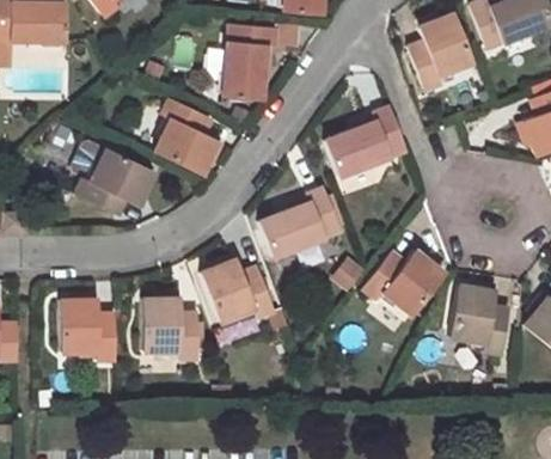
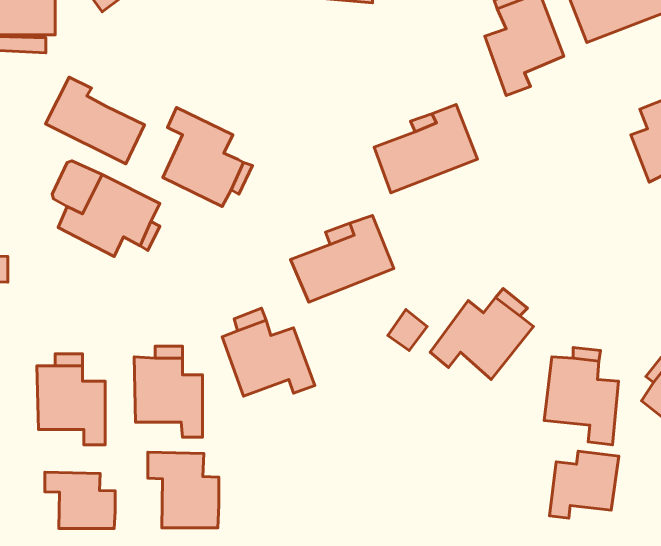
building: [225,29,278,106] -> none
building: none -> [46,77,144,164]
building: none -> [550,451,619,518]
building: none -> [148,452,219,528]
building: none -> [45,472,115,529]

